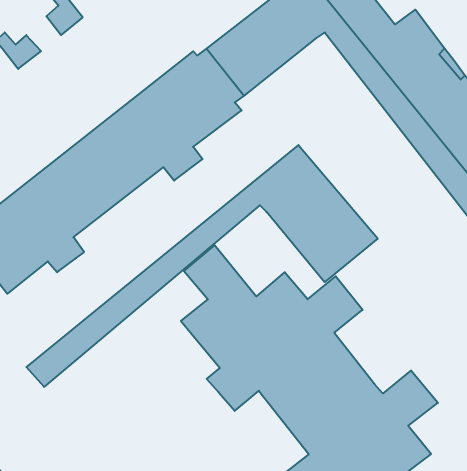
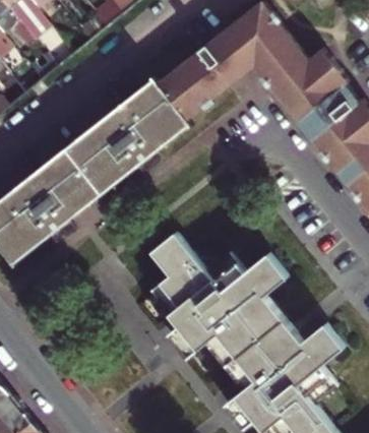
building: [26,145,378,387] -> none

